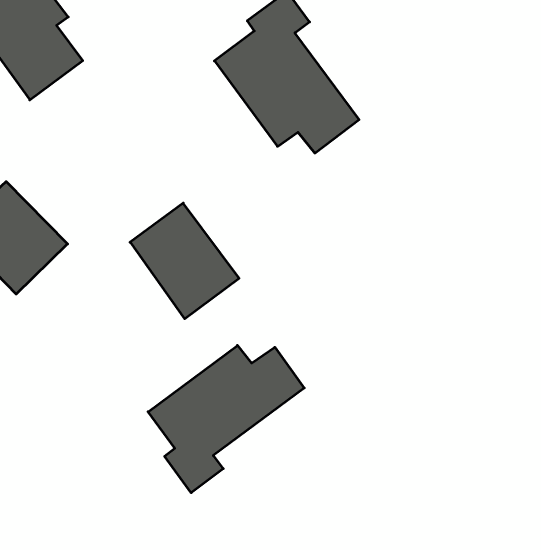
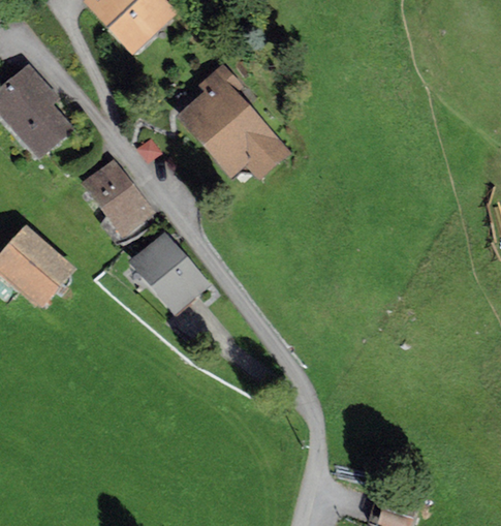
building: none -> [79,157,156,238]
building: [148,345,304,493] -> none

